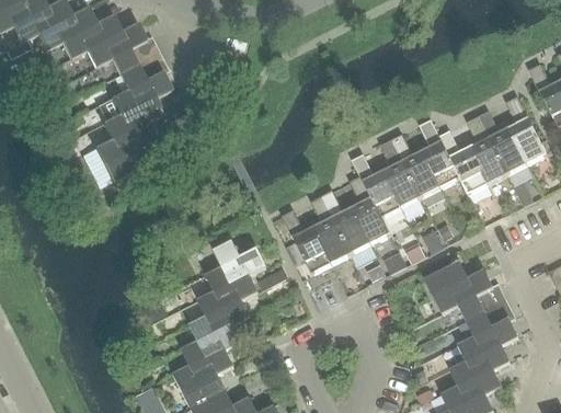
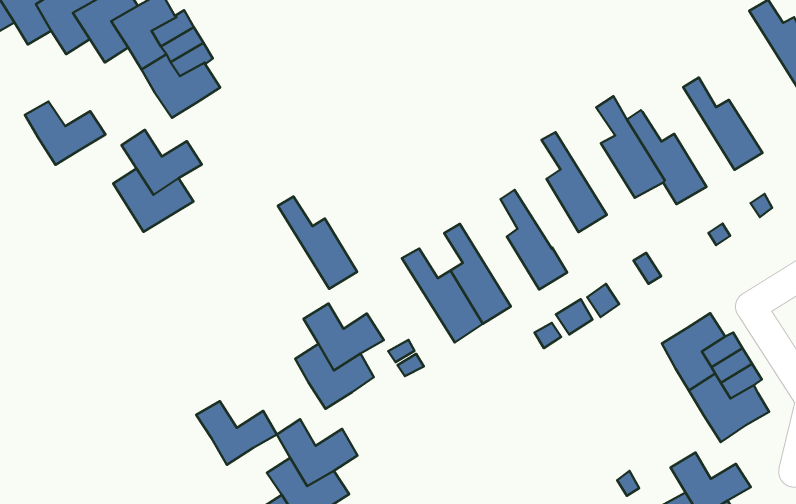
building: [110,91,162,134] -> [25,101,105,165]
building: [506,95,547,164] -> none
building: [467,116,508,184] -> none
building: [391,134,440,197] -> none
building: [352,153,401,217] -> none
building: [322,190,371,253] -> [278,196,357,289]
building: [425,260,468,311] -> none
building: [196,292,249,335] -> [196,401,277,465]
building: [458,336,510,379] -> none

